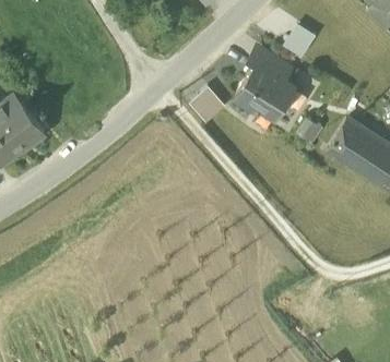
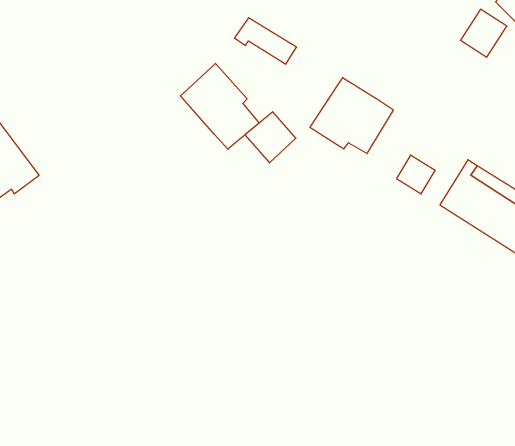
building: [283,25,316,59] -> [460,9,507,57]
building: [248,48,292,81] -> [235,18,297,64]
building: none -> [180,63,259,149]

